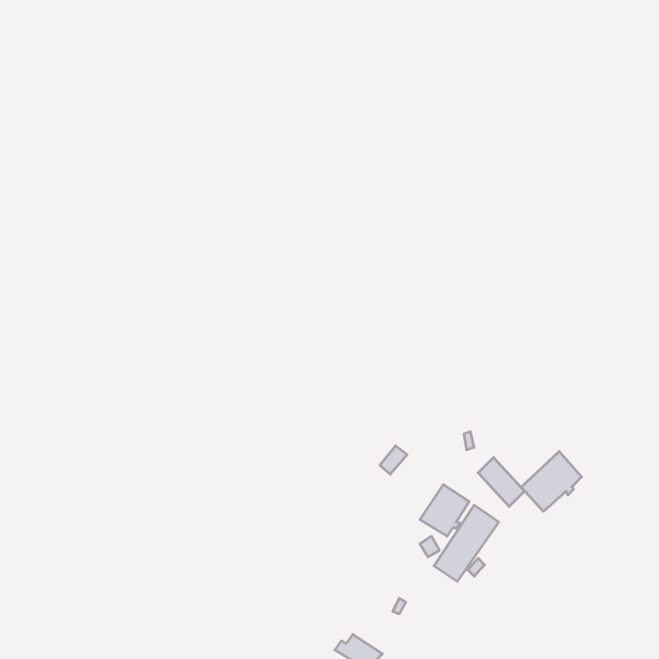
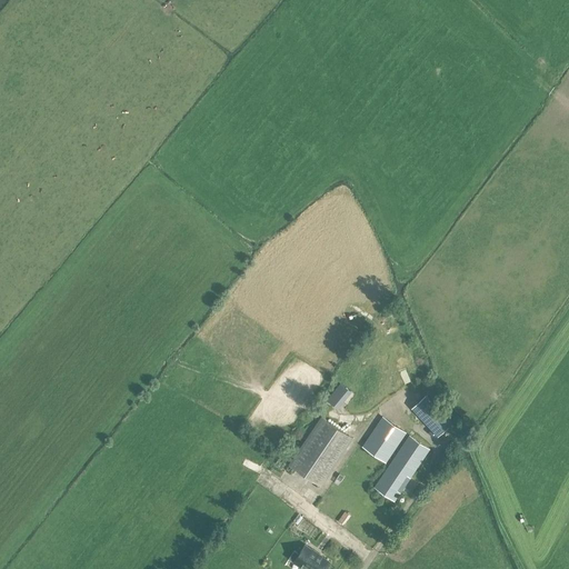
building: [521,451,582,511] -> none
building: none -> [288,417,352,487]

